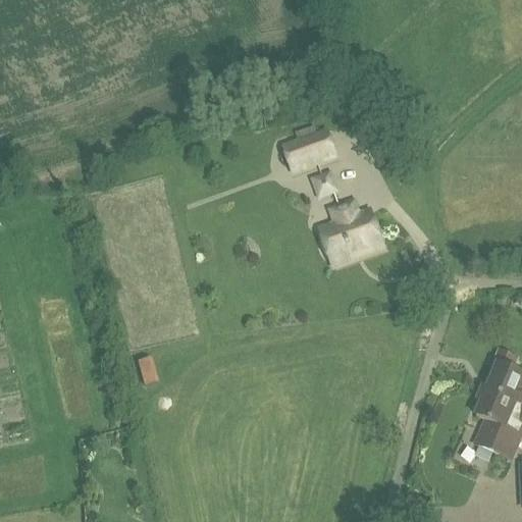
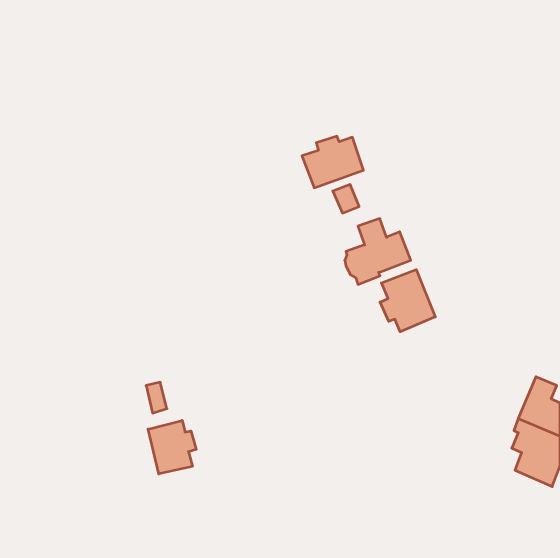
building: none -> [380,270,435,332]
building: none -> [148,420,196,474]

